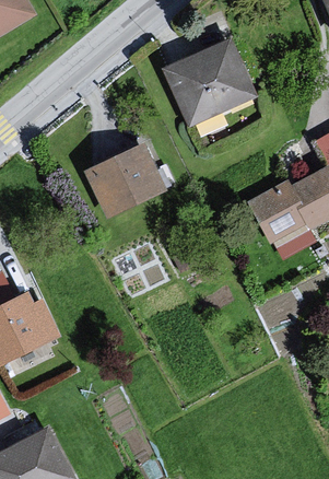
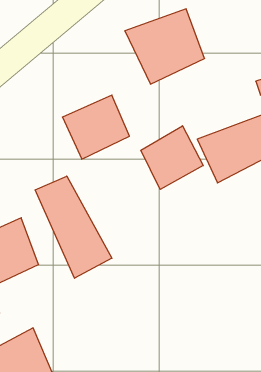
building: none -> [141,126,203,189]
building: none -> [35,176,112,278]

